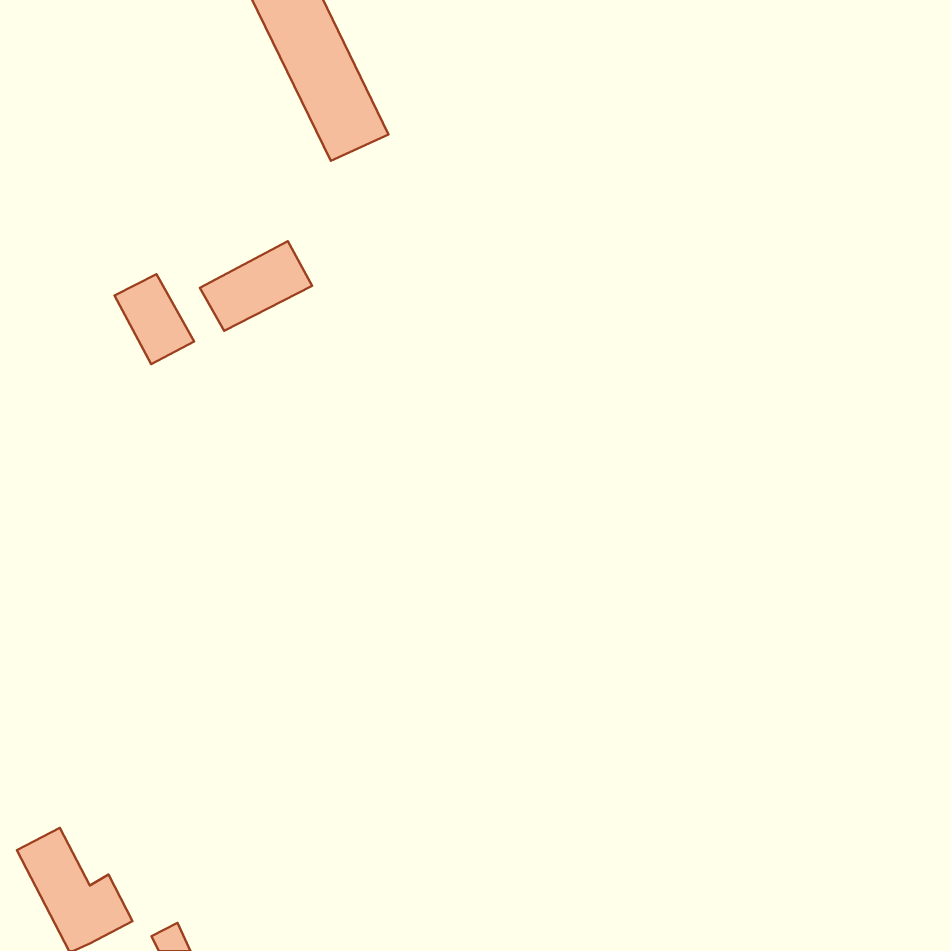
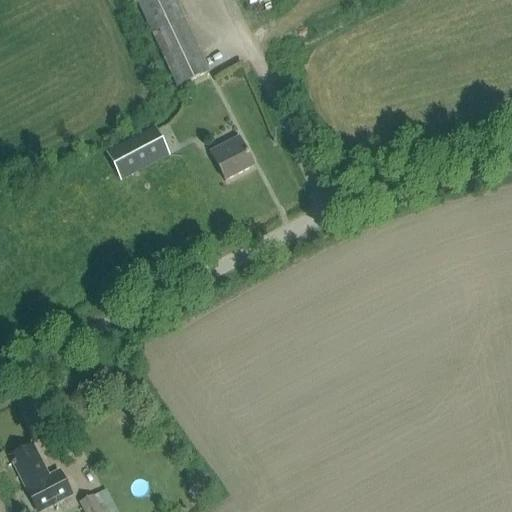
building: none -> [215,137,255,181]
building: [115,274,194,364] -> none

